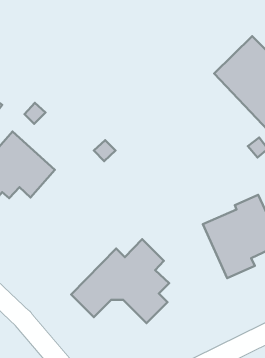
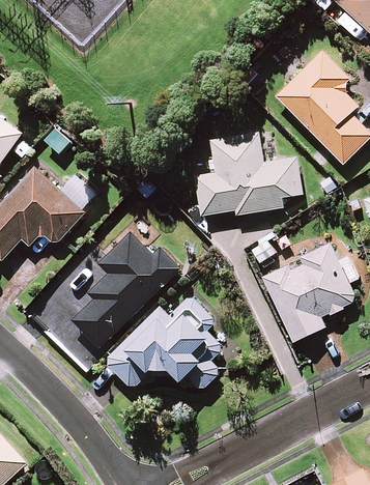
building: none -> [194,133,301,216]
building: none -> [72,233,178,347]

